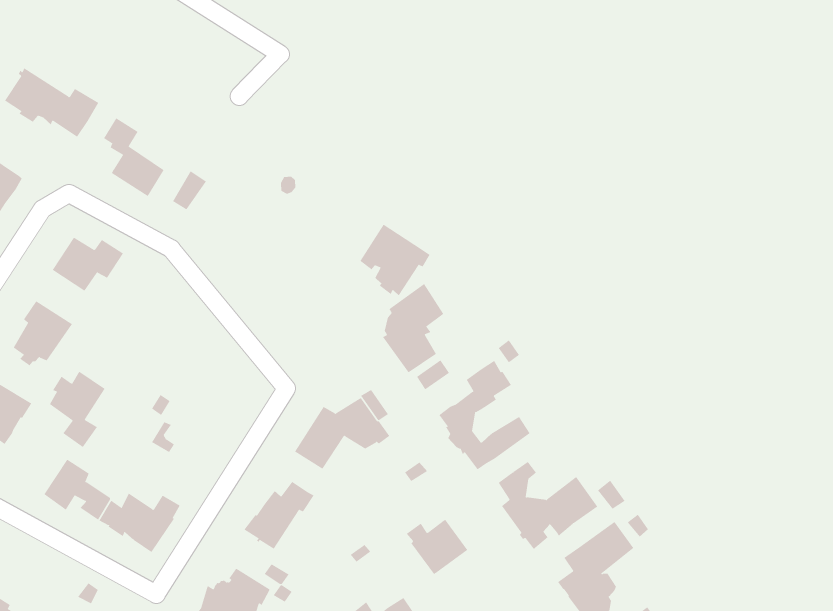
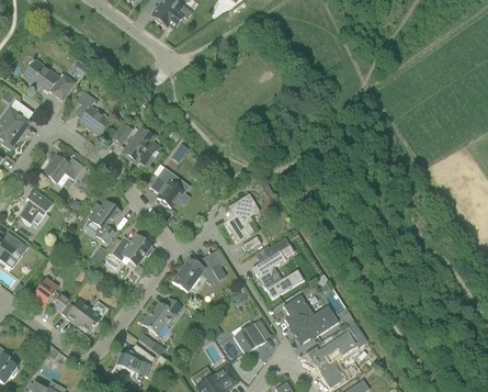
building: none -> [123,126,163,165]
building: [360,224,430,296] -> [150,167,190,208]
building: none -> [112,233,154,265]
building: [49,371,105,448] -> [89,200,121,243]

